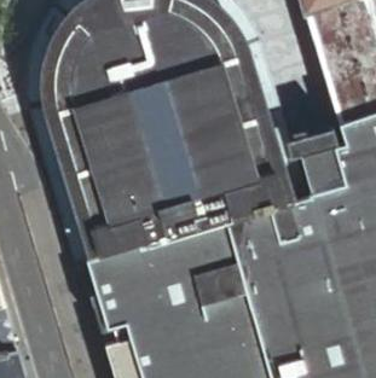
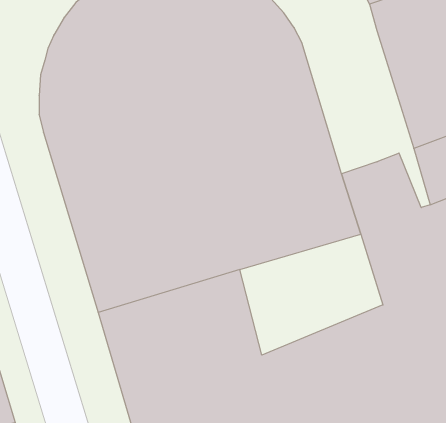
building: [199,196,317,295] -> none

